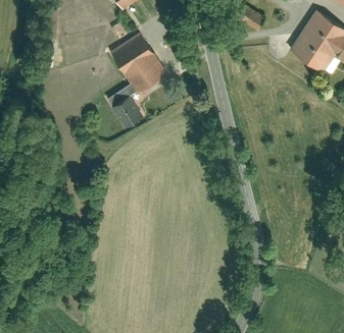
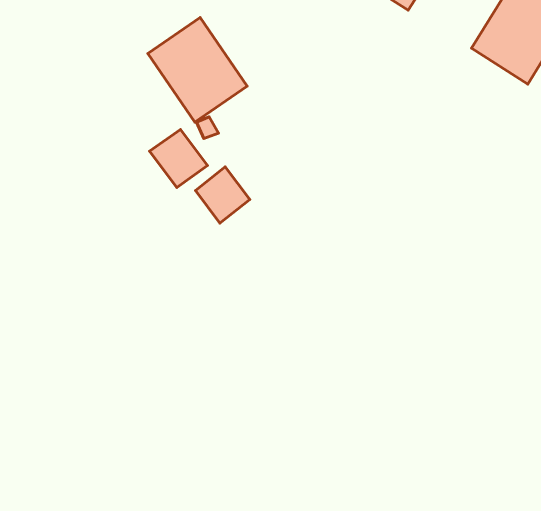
building: none -> [195,167,250,223]

